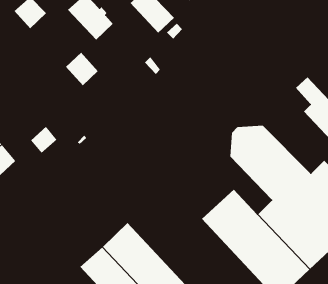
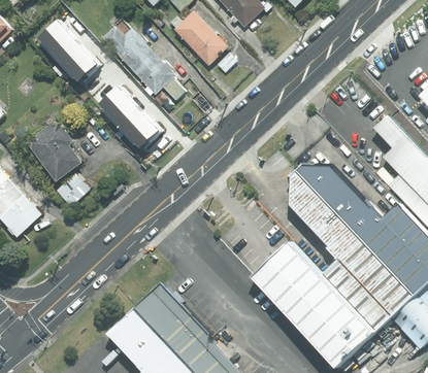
building: none -> [57,40,97,81]
building: none -> [134,53,185,99]
building: none -> [119,108,157,146]
building: none -> [26,118,80,179]

